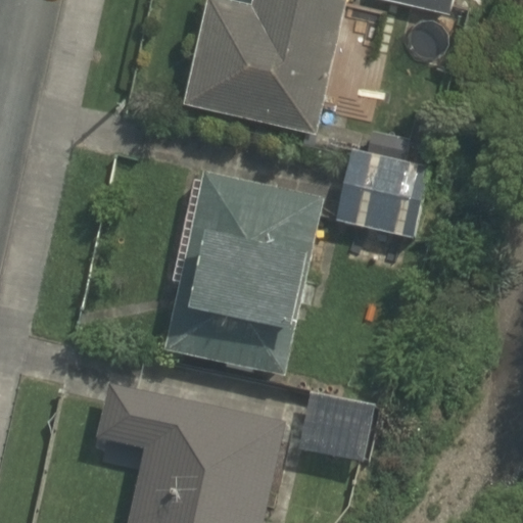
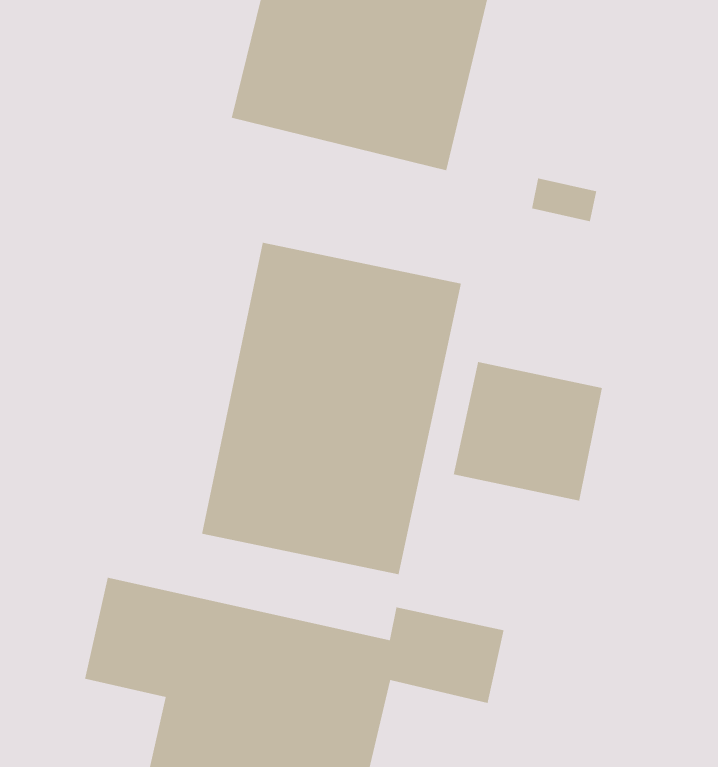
building: [336,152,429,239] -> [453,361,603,501]

